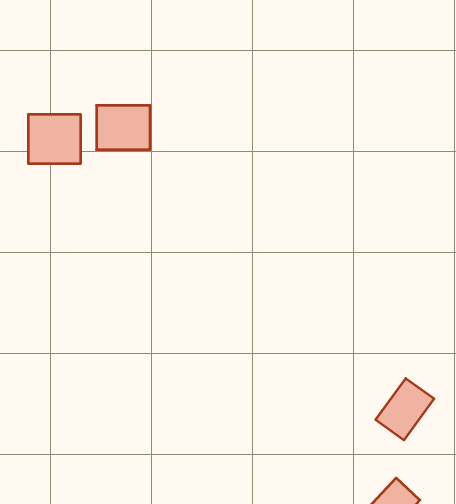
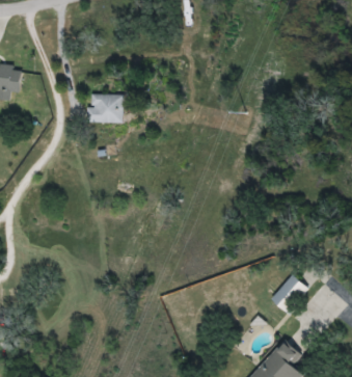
building: [28,114,80,164] -> none

